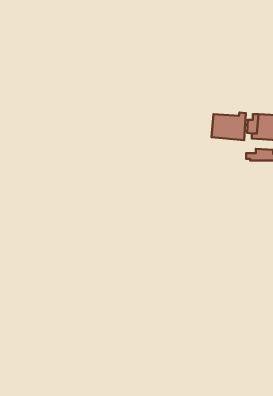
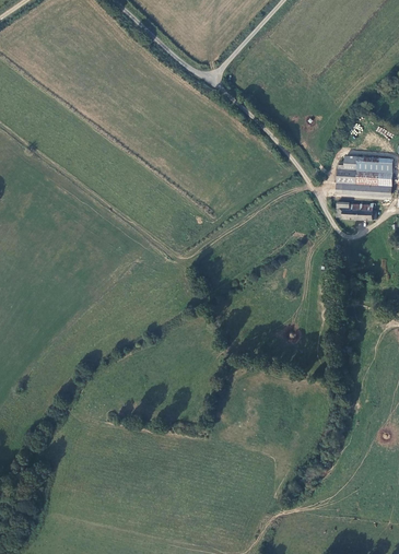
building: [212,112,246,140] -> none

